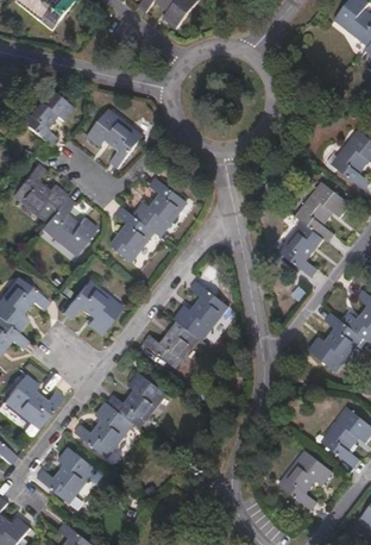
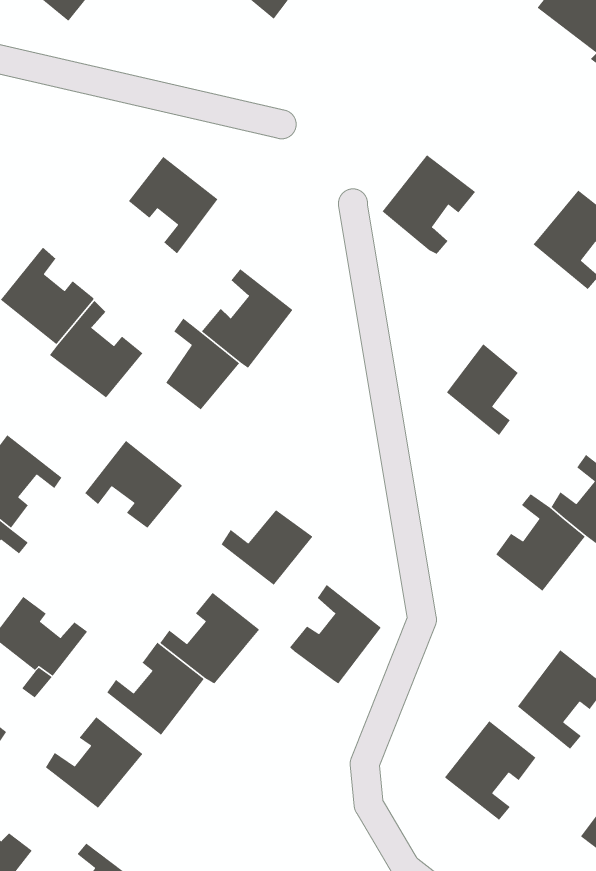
building: [15,87,71,146] -> none
building: [294,182,351,243] -> [382,154,476,255]
building: [172,281,228,342] -> [289,584,382,685]

